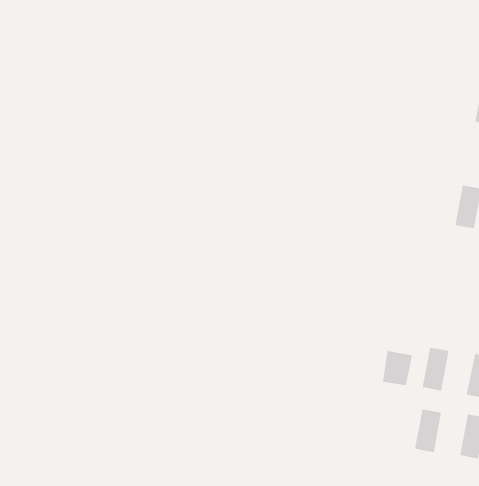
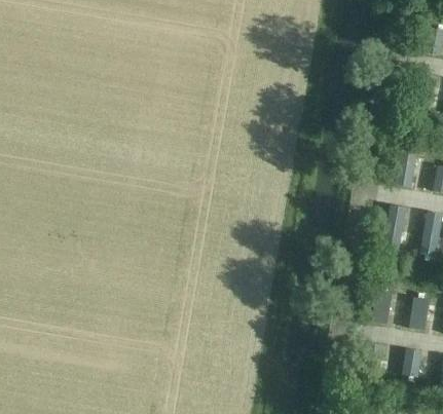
building: none -> [386,210,409,246]
building: [383,350,412,386] -> none

